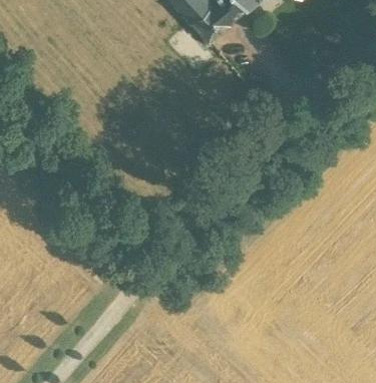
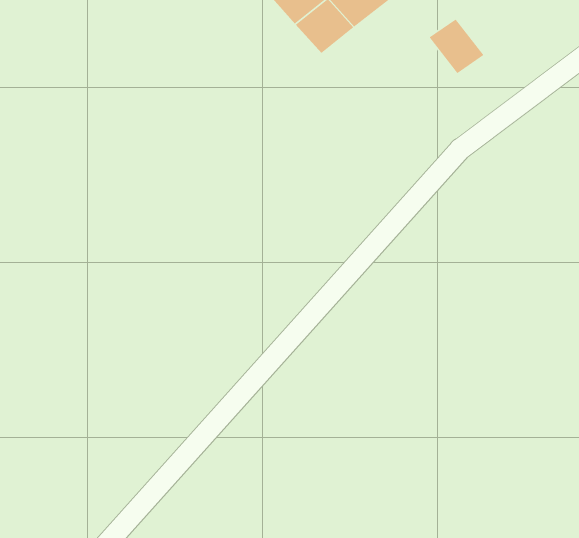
building: none -> [428,19,485,74]

